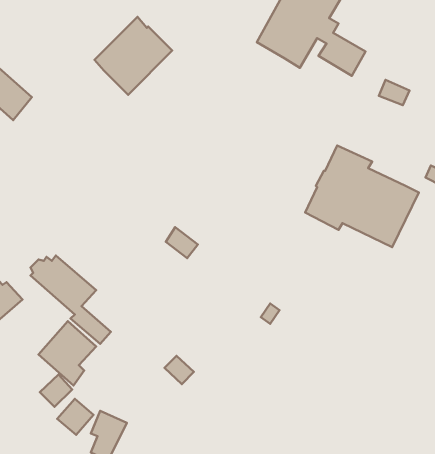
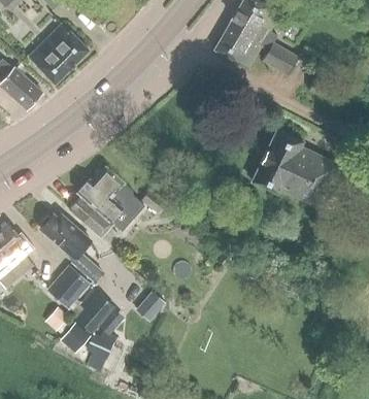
building: [95,17,172,95] -> [29,24,89,84]
building: none -> [68,166,137,236]
building: none -> [75,293,113,332]

